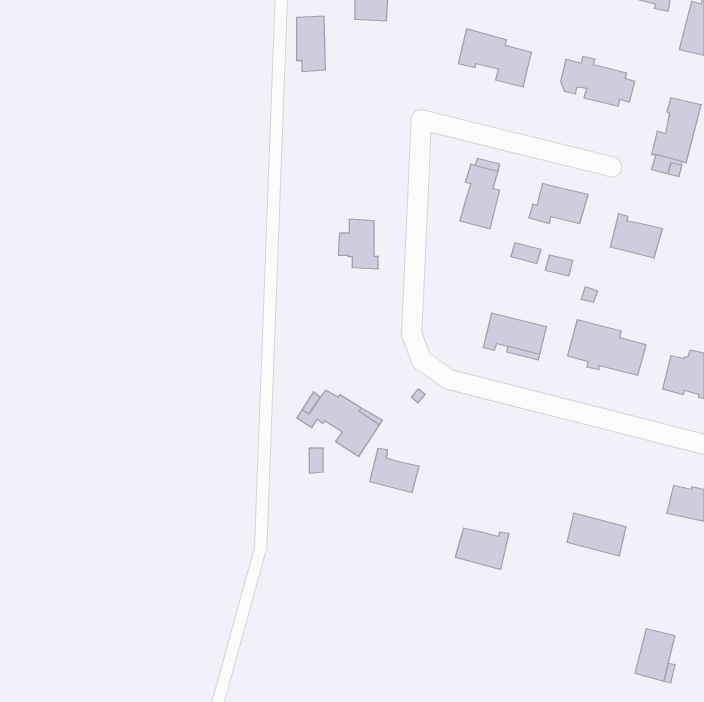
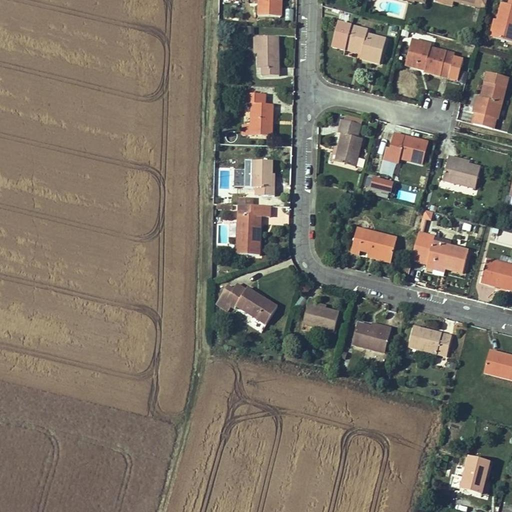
building: [296,16,325,71] -> [257,35,278,75]
building: none -> [241,92,272,135]
building: none -> [236,204,269,254]
building: [370,448,419,492] -> [302,298,338,330]
building: [567,513,626,556] -> [408,325,451,356]
building: [455,528,509,569] -> [351,322,390,352]

